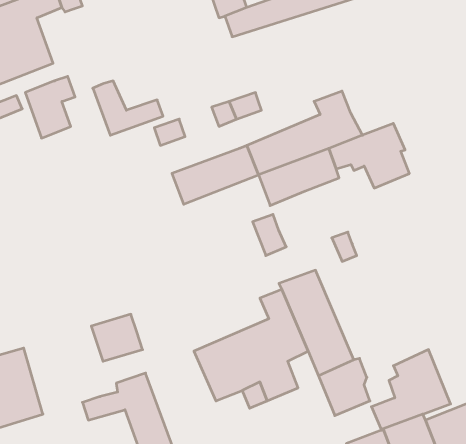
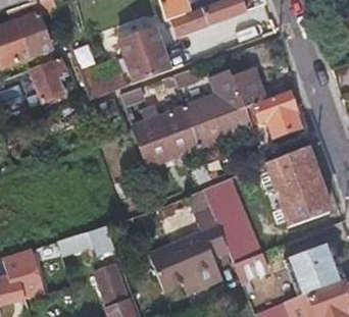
building: none -> [115,25,170,84]
building: none -> [142,127,202,169]
building: none -> [265,147,329,229]

